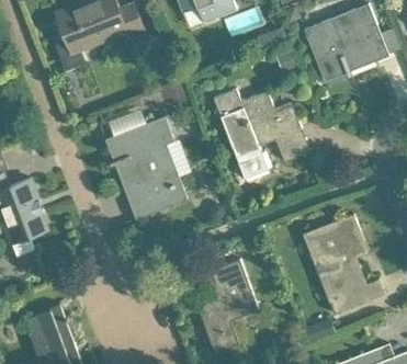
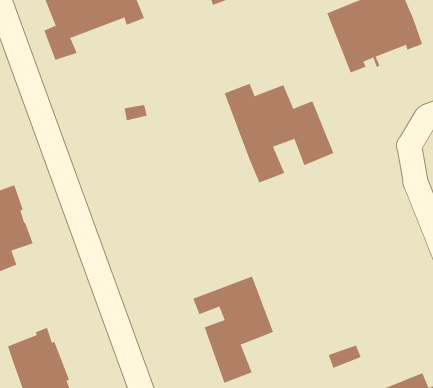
building: [105,116,188,218] -> none
building: [302,214,384,314] -> none

